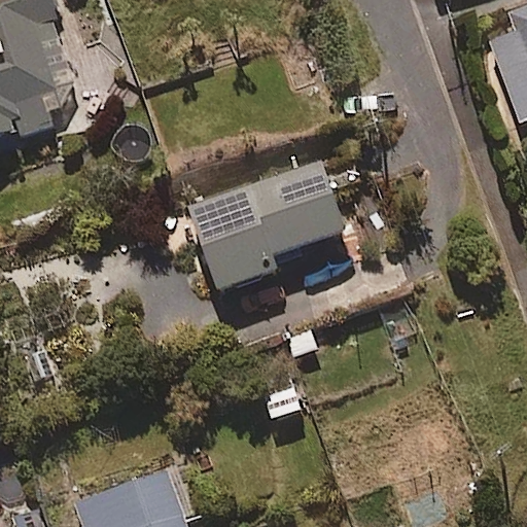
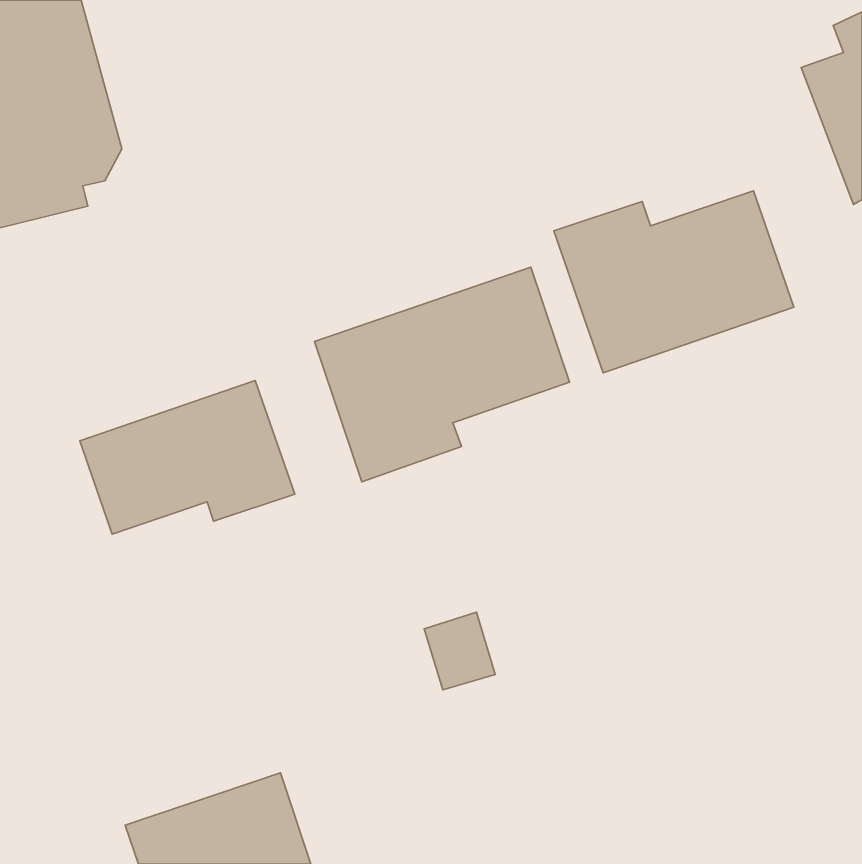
building: none -> [554,191,794,373]
building: none -> [80,381,295,534]

